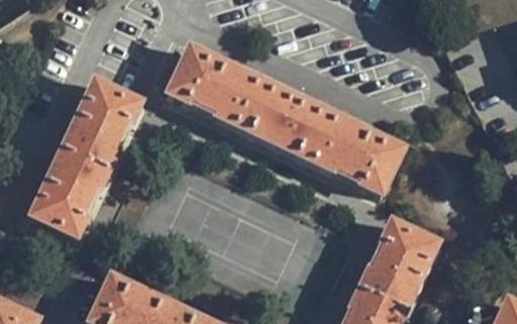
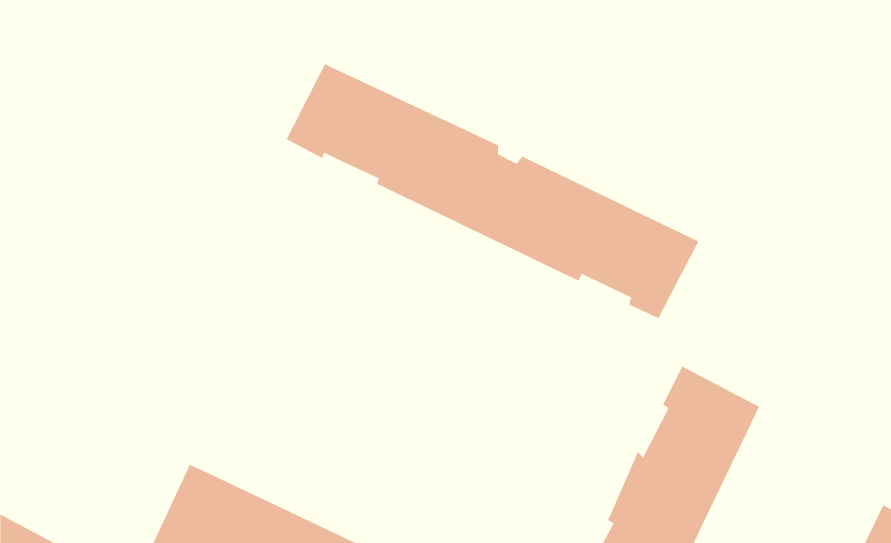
building: [30,81,141,236] -> none

